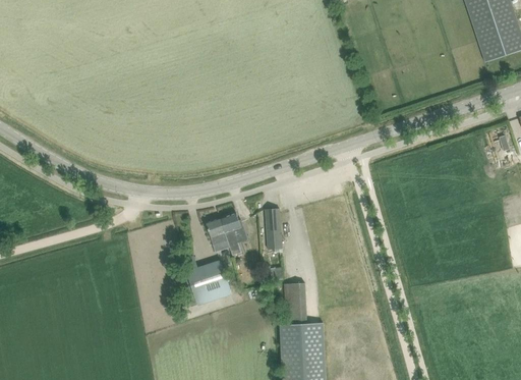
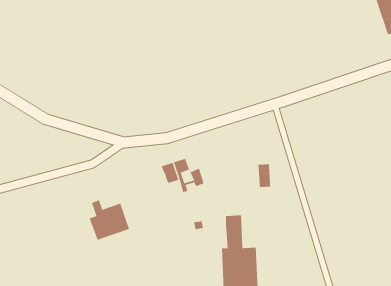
building: [265,210,282,257] -> [257,156,271,194]
building: [180,255,231,306] -> [89,199,130,241]

